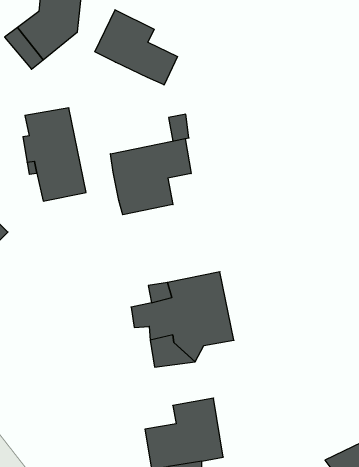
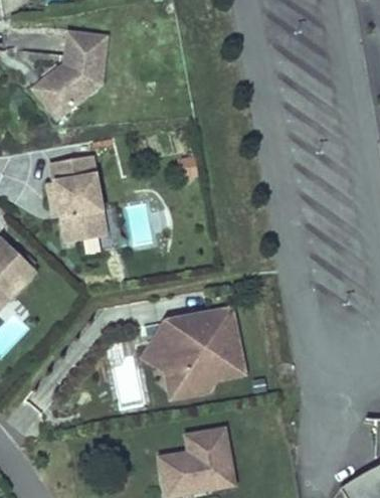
building: [95,10,178,85] -> none
building: [110,139,191,215] -> none

